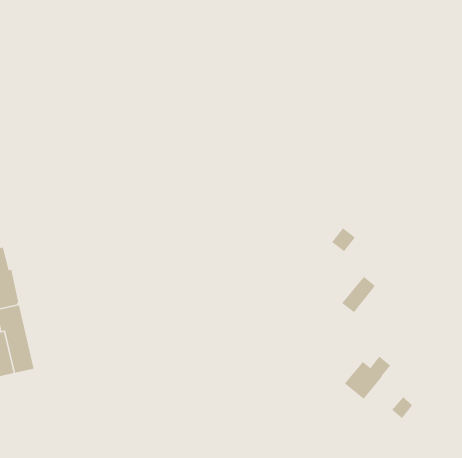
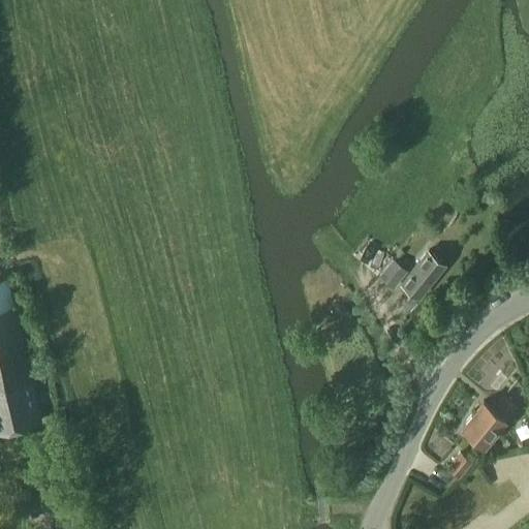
building: [341,276,376,313] -> [401,258,440,301]
building: [344,356,391,400] -> [460,401,514,452]

